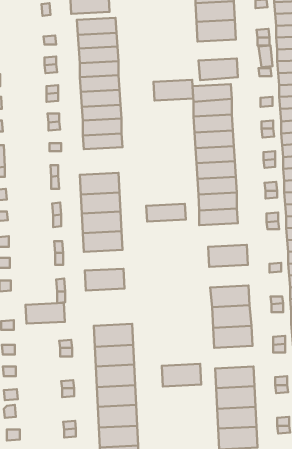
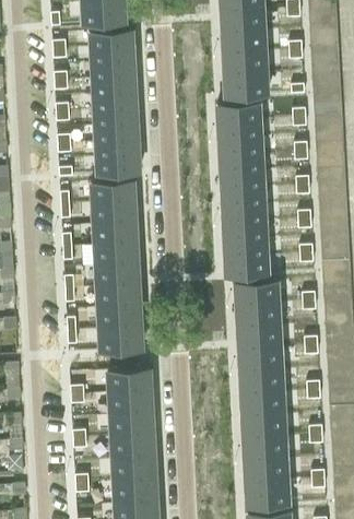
building: [154,80,193,101] -> [223,51,267,74]
building: none -> [92,178,135,201]
building: [146,204,186,222] -> [225,255,269,274]
building: none -> [97,284,141,307]
building: none -> [236,300,280,326]
building: [25,303,65,324] -> [99,327,143,350]
building: [162,364,201,386] -> [241,390,285,415]

